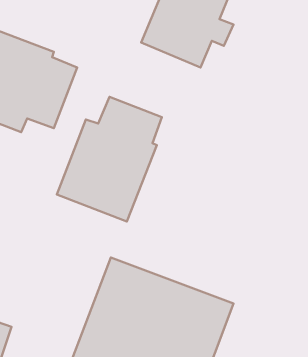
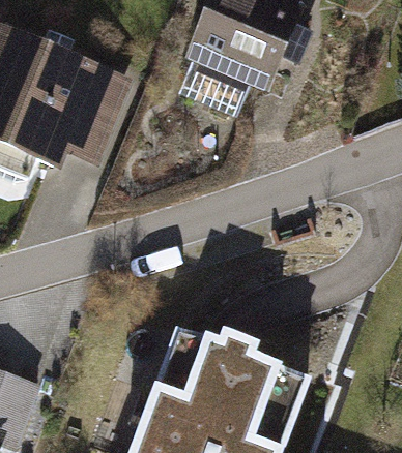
building: [57,97,162,222] -> none

